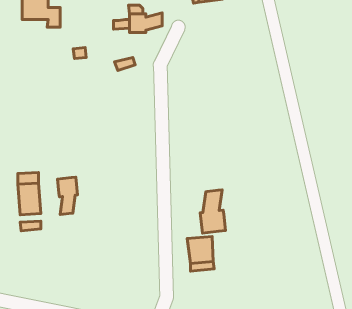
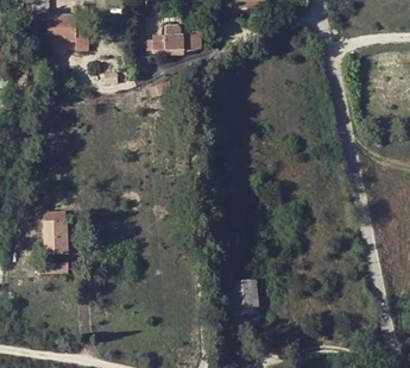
building: [58,177,77,214] -> none
building: [200,190,226,233] -> none

